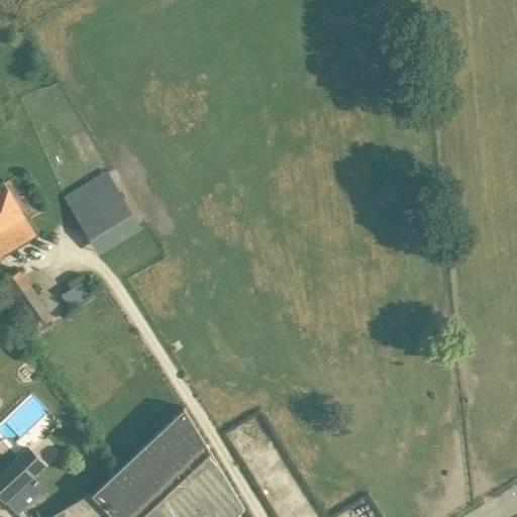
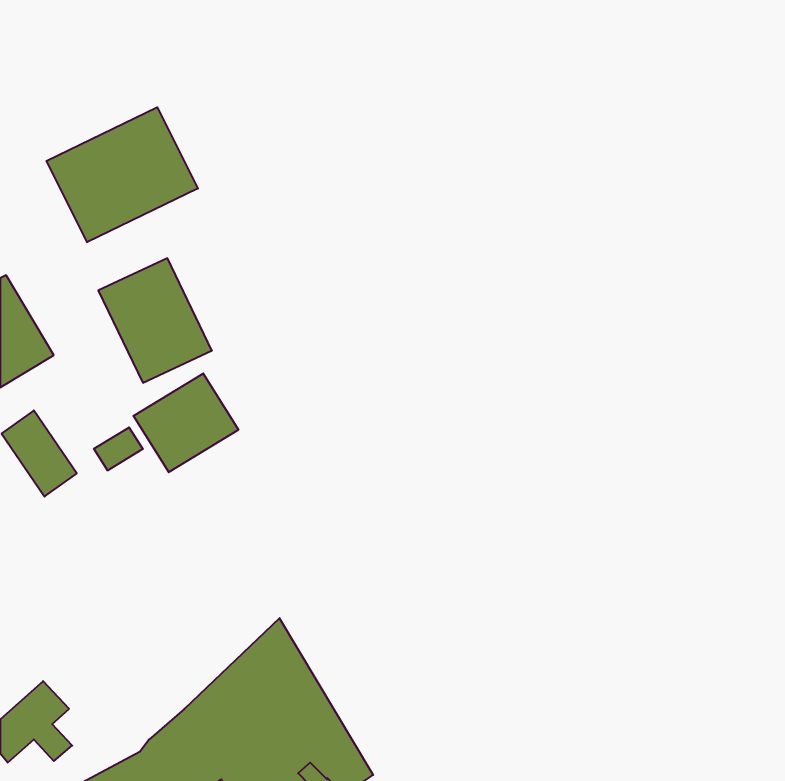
building: none -> [46,107,198,242]
building: none -> [133,373,238,472]

